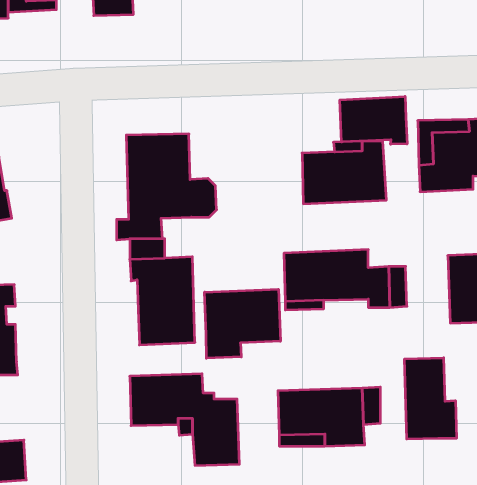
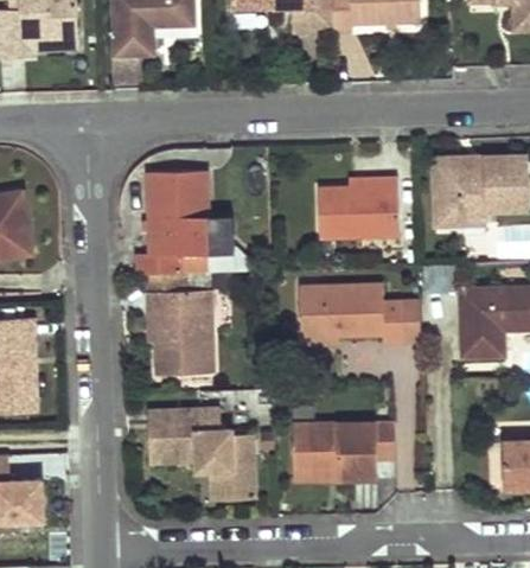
building: [340,96,407,144] -> none
building: [205,289,280,358] -> none
building: [405,358,456,439] -> none

